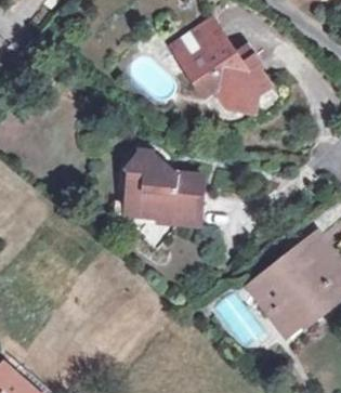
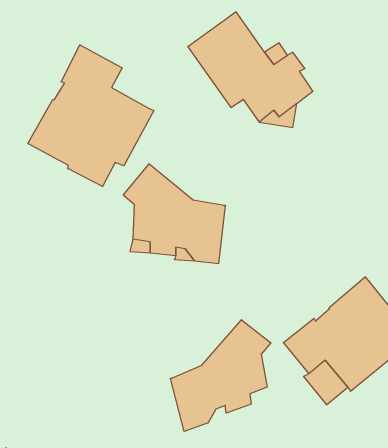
building: none -> [28,45,154,187]
building: none -> [170,320,271,431]

